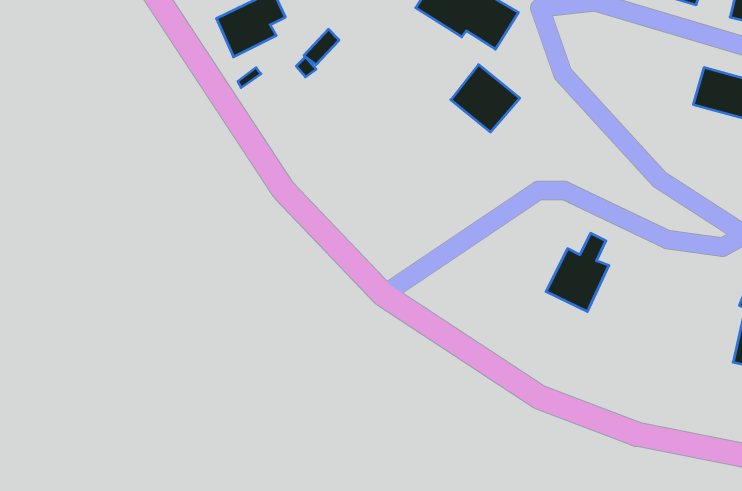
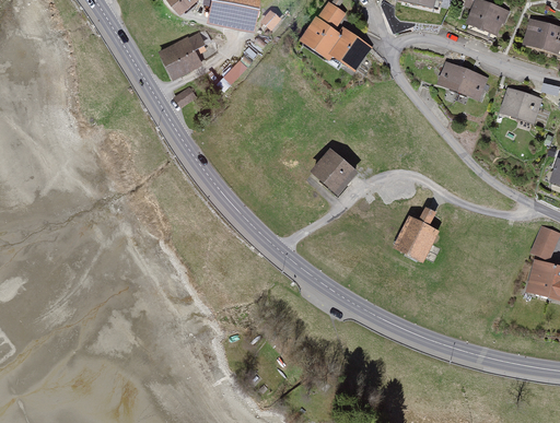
building: none -> [438,59,489,98]
building: [451,65,520,132] -> [310,146,359,195]

